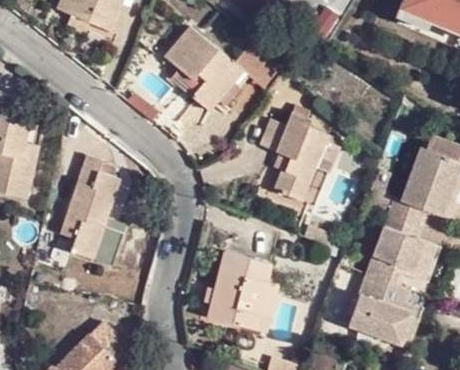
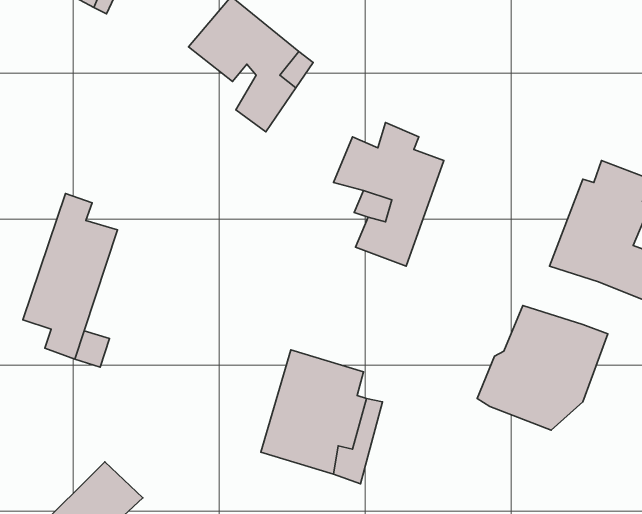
building: [379,198,427,237] -> none
building: [344,289,413,348] -> none

